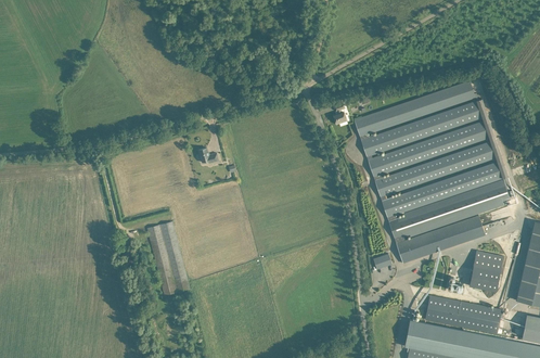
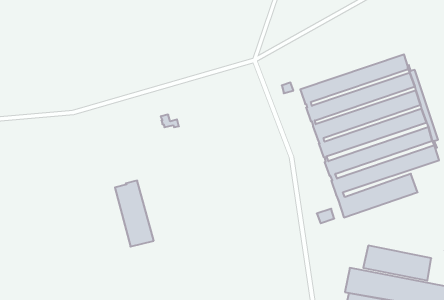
building: [468,251,502,292] -> none

